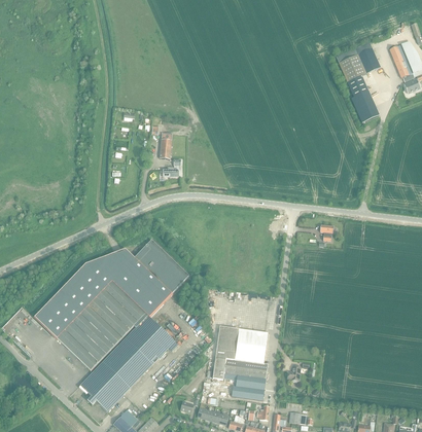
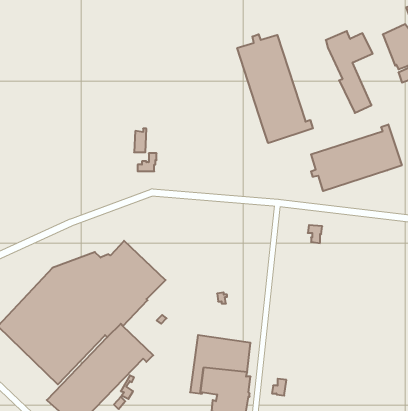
building: none -> [237,34,313,143]
building: none -> [311,124,402,191]

